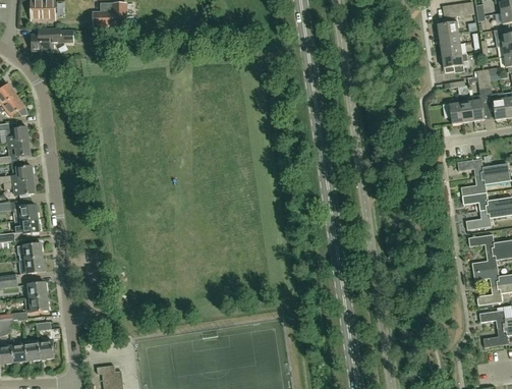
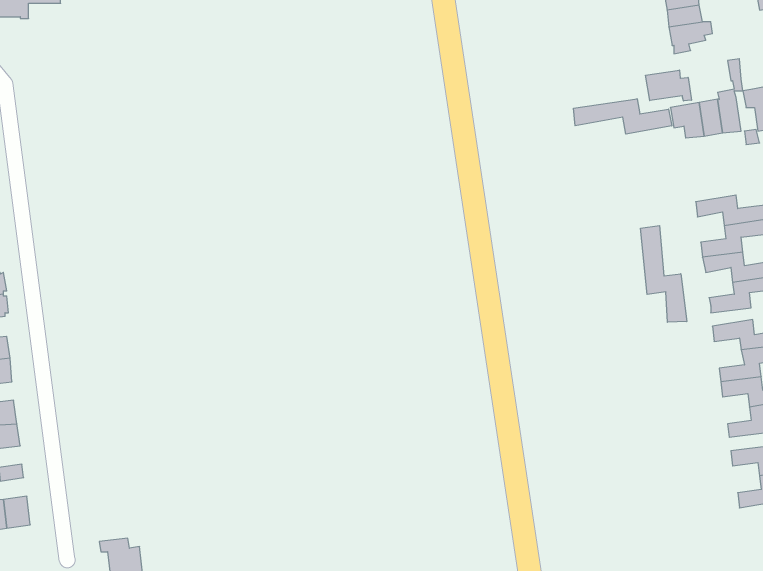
building: none -> [646,70,691,101]
building: none -> [574,99,672,134]
building: none -> [641,226,687,322]

